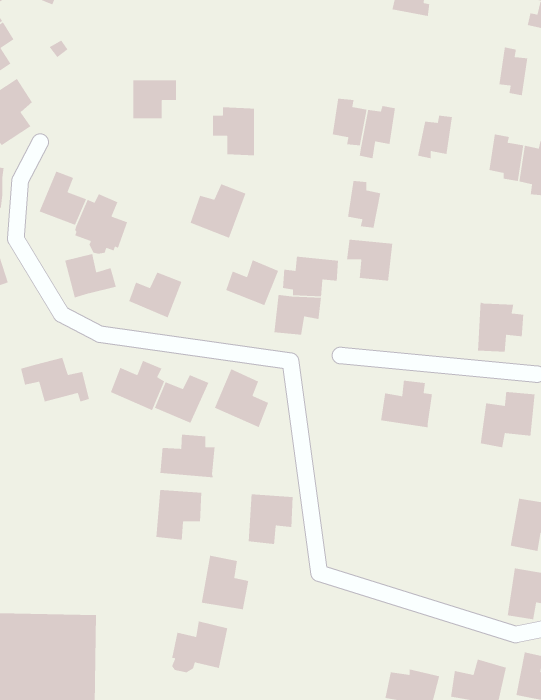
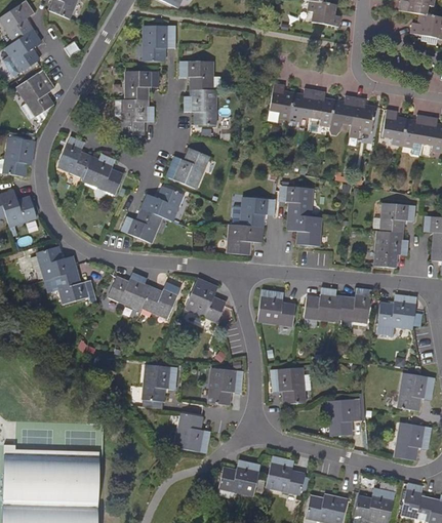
building: none -> [144,26,174,61]
building: [498,46,528,96] -> [352,97,373,133]
building: none -> [179,62,211,91]
building: none -> [115,98,155,134]
building: [347,180,381,228] -> [311,91,335,126]
building: [64,253,117,299] -> [37,246,75,279]
building: [225,259,279,306] -> [143,187,182,220]
building: none -> [378,203,412,233]
building: none -> [286,214,319,246]
building: none -> [338,288,371,323]
building: none -> [256,290,293,325]
building: [159,434,216,478] -> none
building: none -> [271,368,304,404]
building: none -> [328,398,360,435]
building: none -> [266,456,305,494]
building: [171,621,228,673] -> [218,460,259,498]

